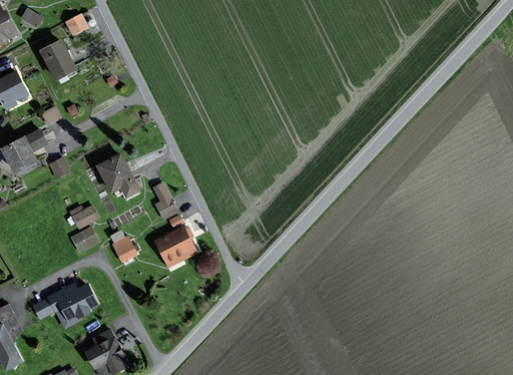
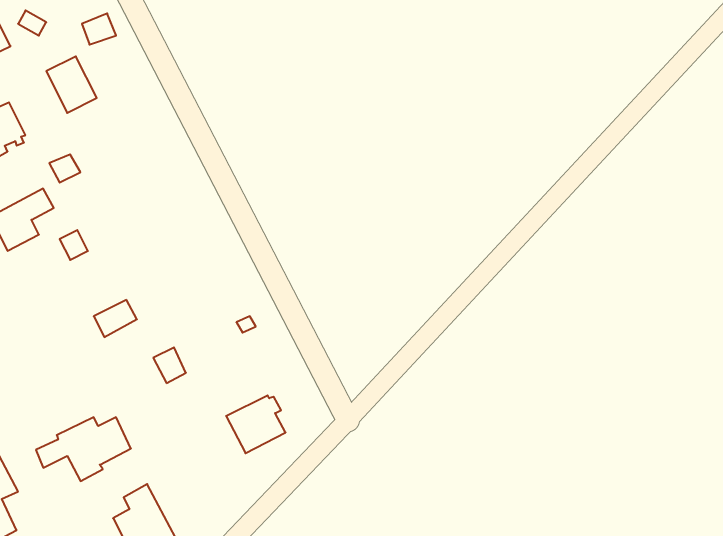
building: [96,153,138,196] -> none
building: [153,183,175,219] -> none
building: [71,226,101,254] -> none
building: [154,227,194,266] -> [226,395,286,453]

